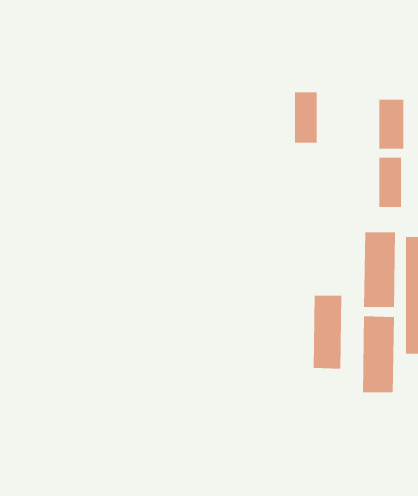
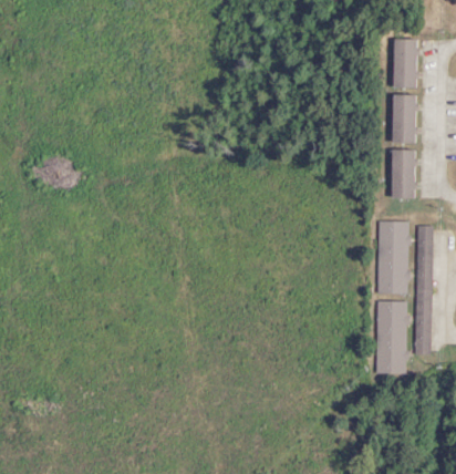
building: [294,92,317,143] -> [394,39,416,87]
building: [313,295,342,369] -> none

